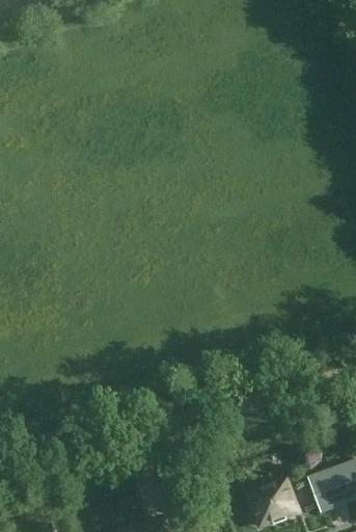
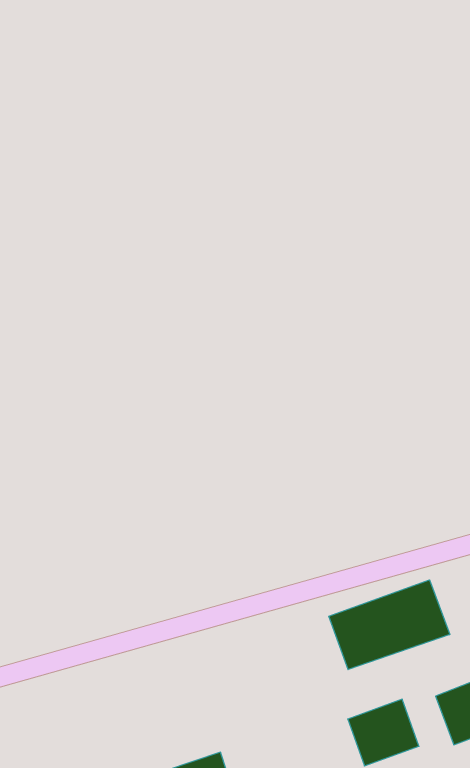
building: none -> [329,580,450,670]

